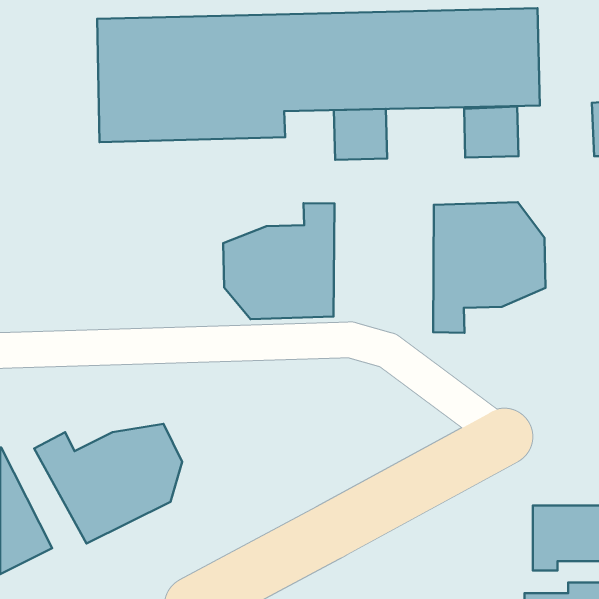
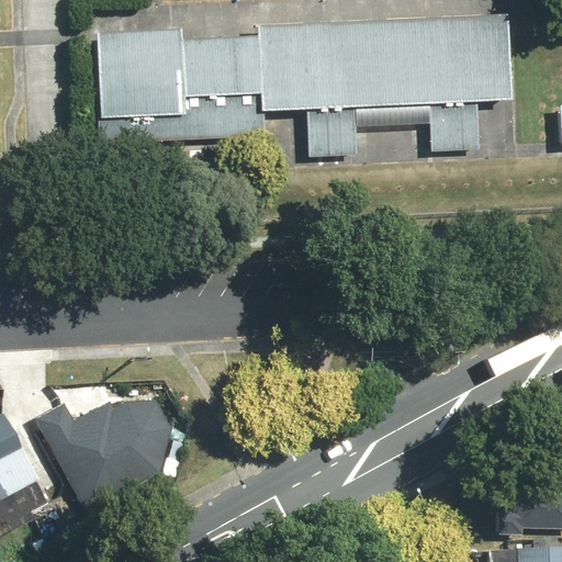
building: [433,202,546,333] -> none
building: [223,203,335,319] -> none

